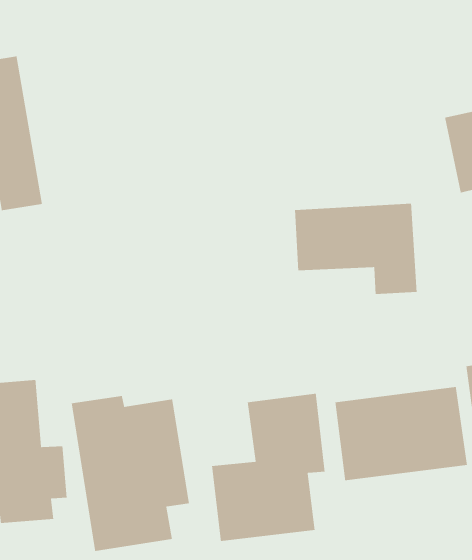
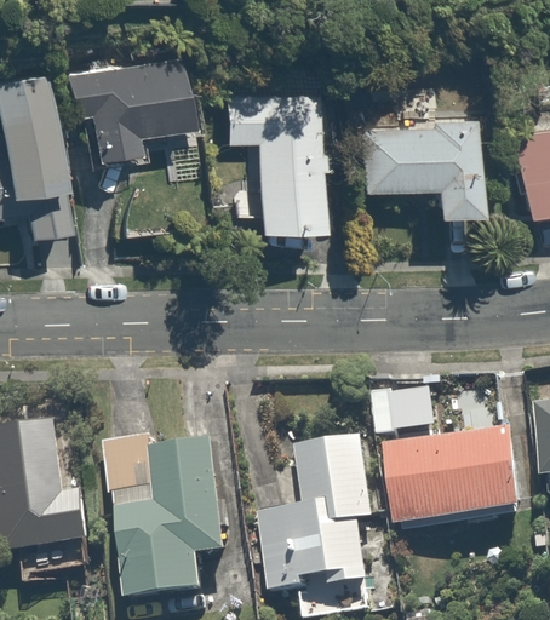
building: none -> [67,54,195,162]
building: none -> [220,92,323,234]
building: [294,203,417,295] -> [346,117,480,217]

